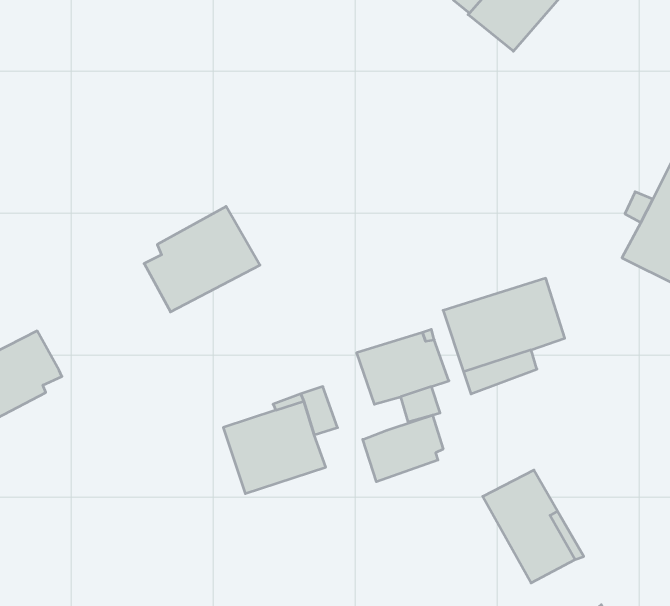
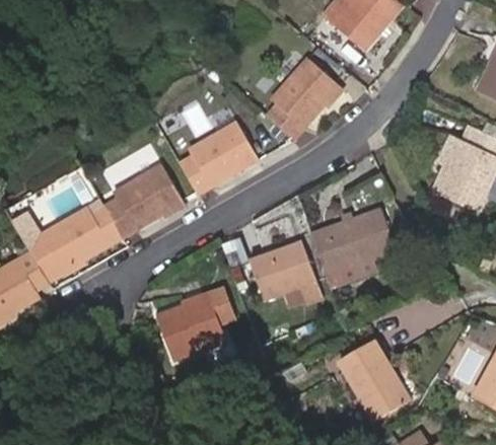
building: none -> [269,60,344,141]
building: none -> [181,121,259,193]
building: none -> [30,195,123,275]
building: [363,415,443,482] -> none

